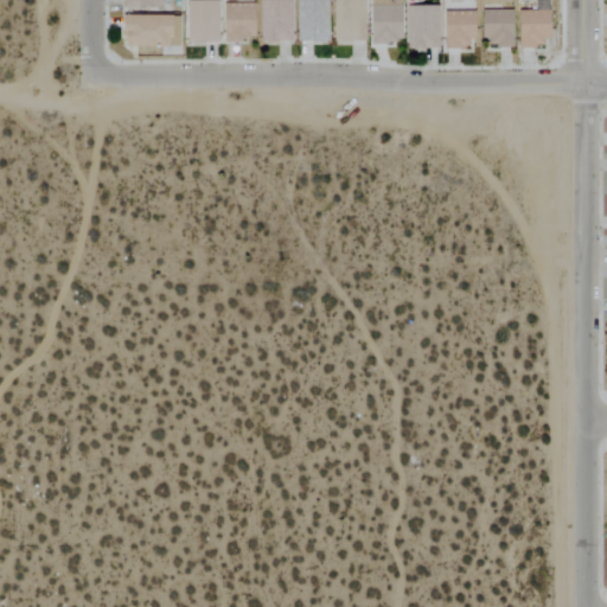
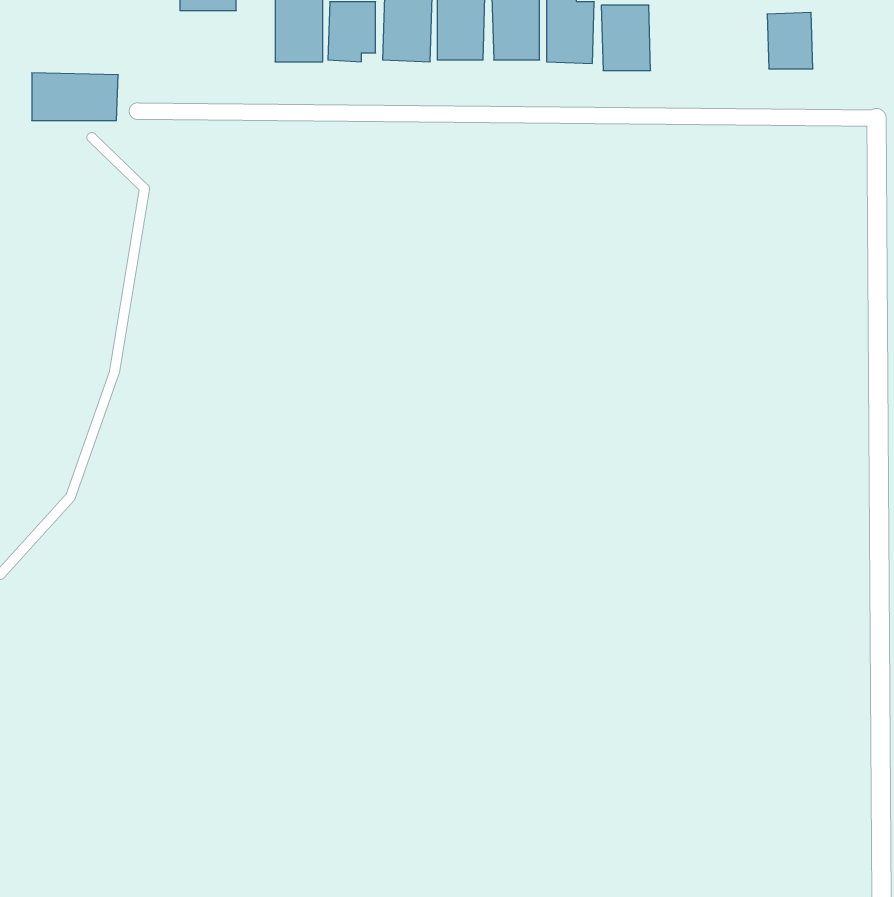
building: [483,7,516,46] -> none
building: [446,8,477,47] -> none
building: [126,13,184,45] -> [32,73,118,121]

